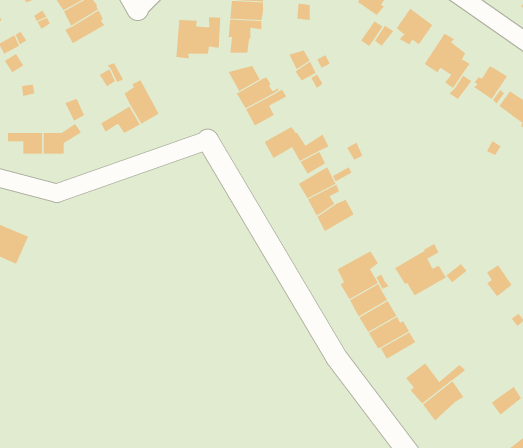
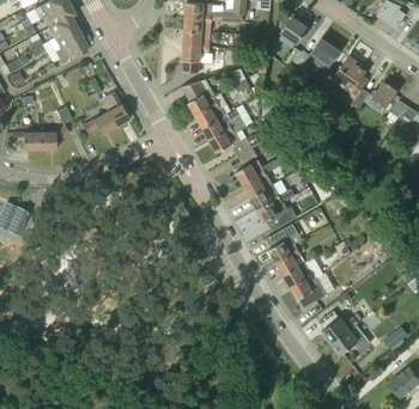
building: [176,16,221,59] -> none
building: none -> [202,109,247,140]
building: [394,243,447,296] -> [256,190,297,231]

